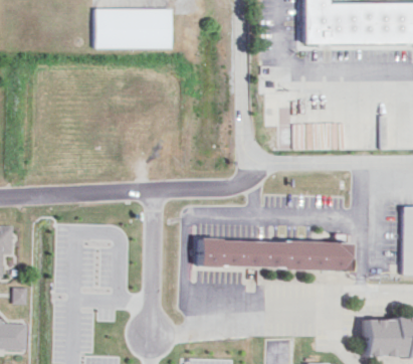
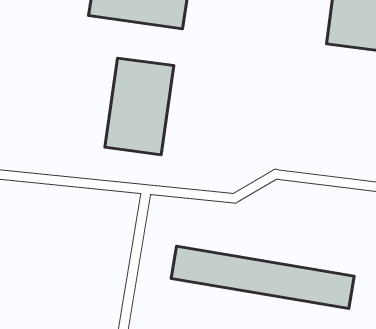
building: none -> [105,58,174,155]

